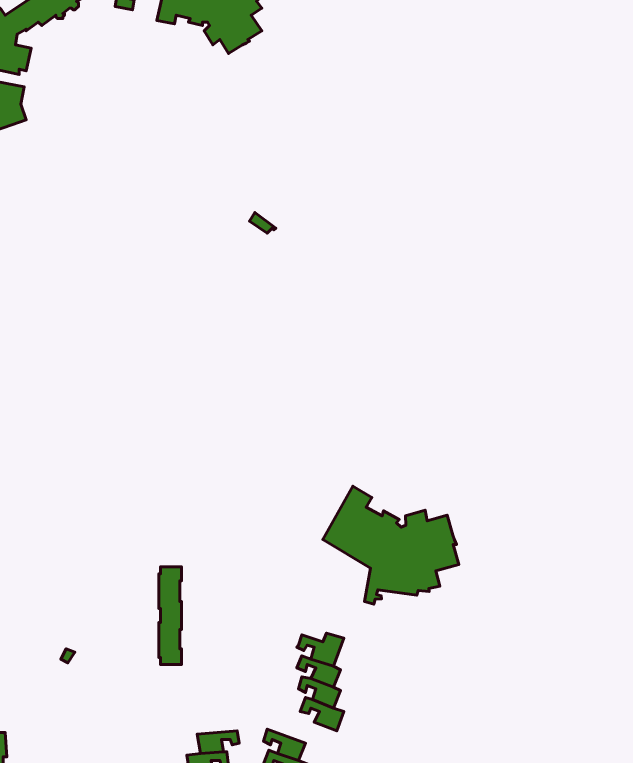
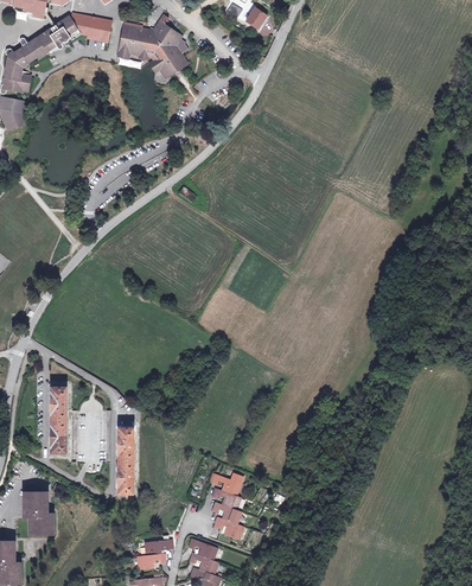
building: [323,486,459,604] -> none
building: none -> [50,387,66,453]
building: none -> [23,491,52,535]

